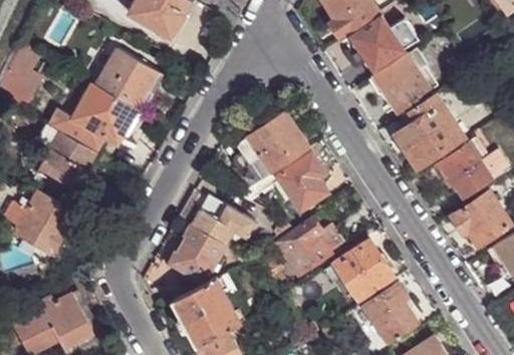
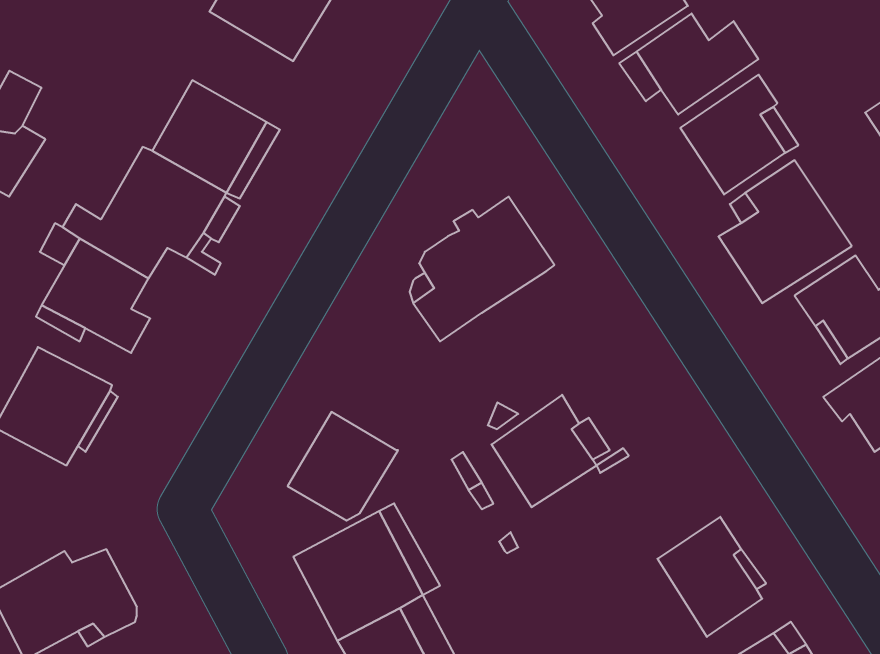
building: [236,150,326,212] -> none
building: [190,192,255,245] -> none
building: [333,239,392,298] -> none

